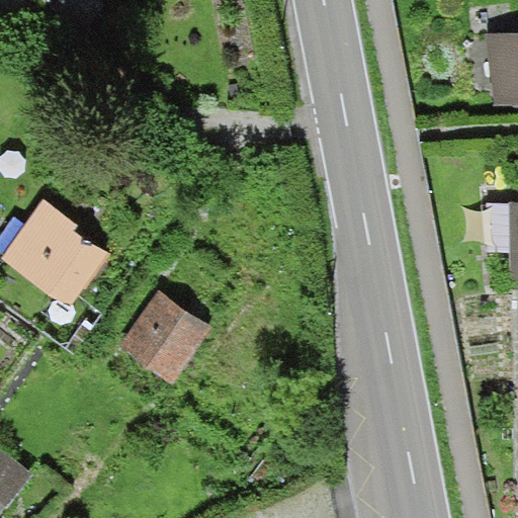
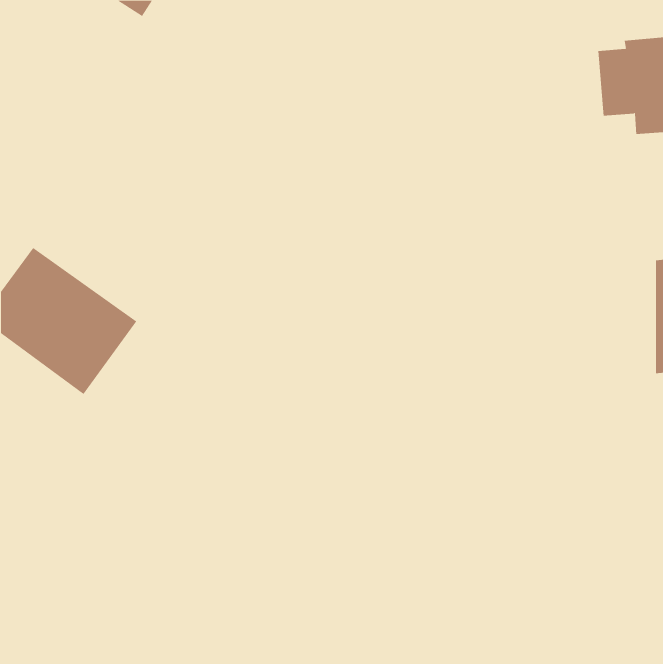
building: [120,290,213,384] -> none

